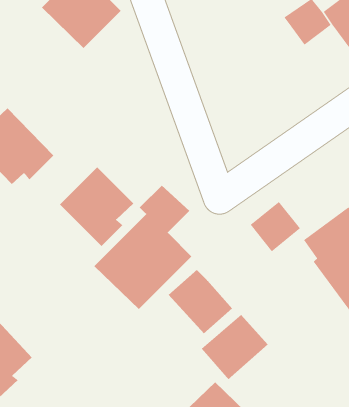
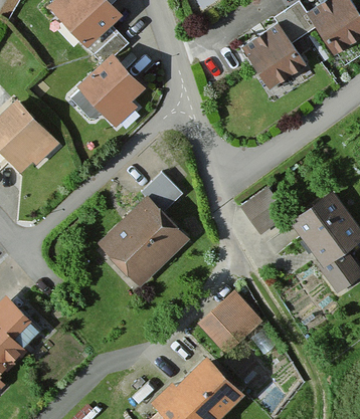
building: none -> [240,22,306,88]
building: [59,167,134,247] -> [77,53,147,128]
building: [168,269,233,334] -> none

